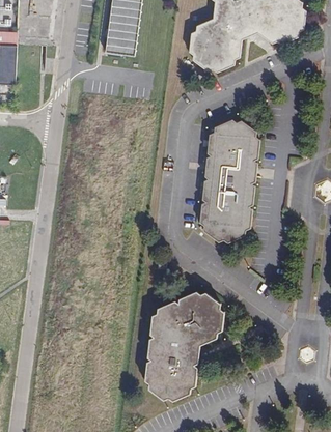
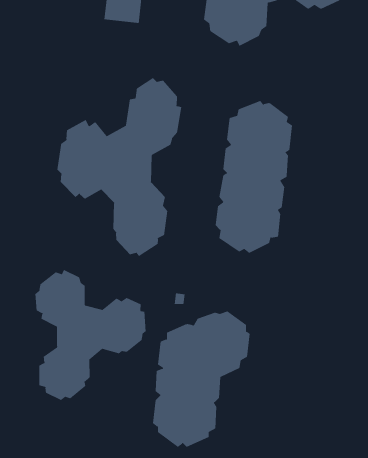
building: none -> [57,77,182,257]
building: none -> [35,269,146,401]

